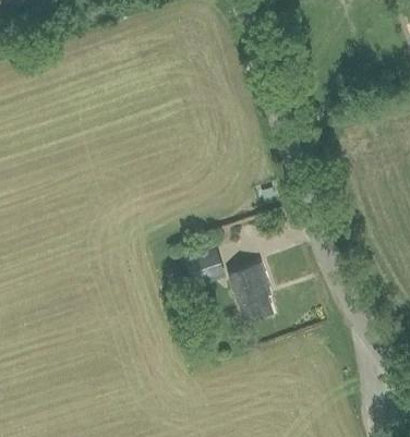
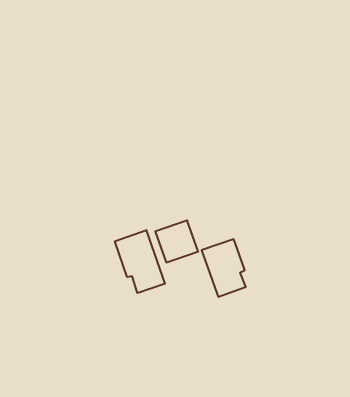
building: none -> [115,230,165,293]

